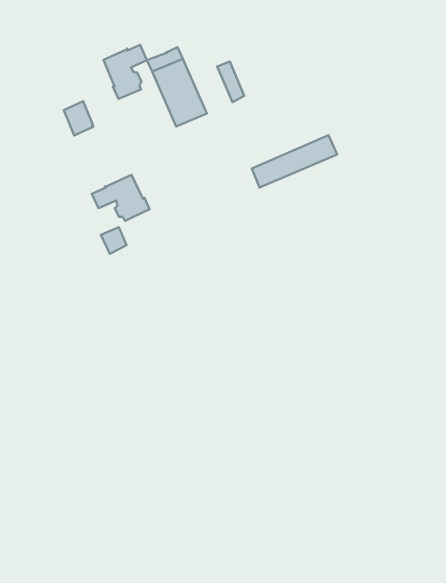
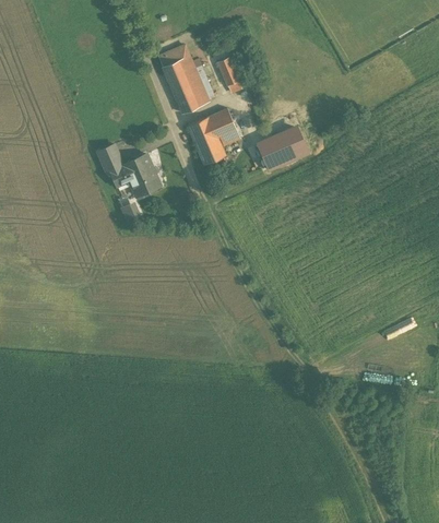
building: [103,45,147,99] -> none
building: [64,101,93,136] -> [99,143,124,173]
building: none -> [189,107,241,164]

